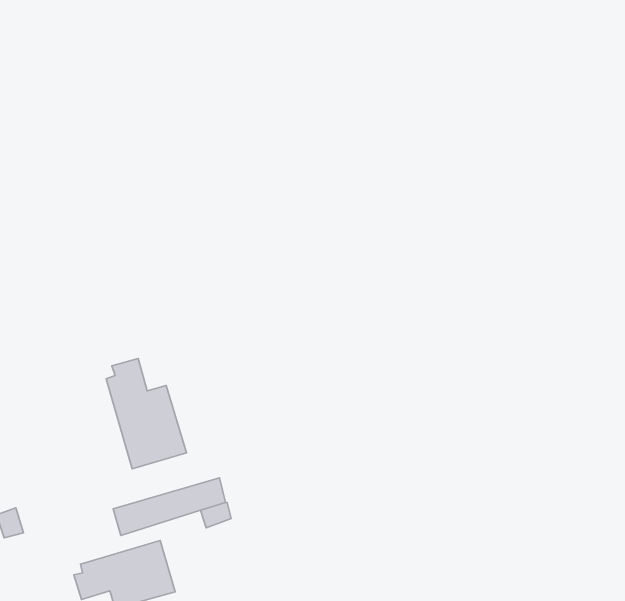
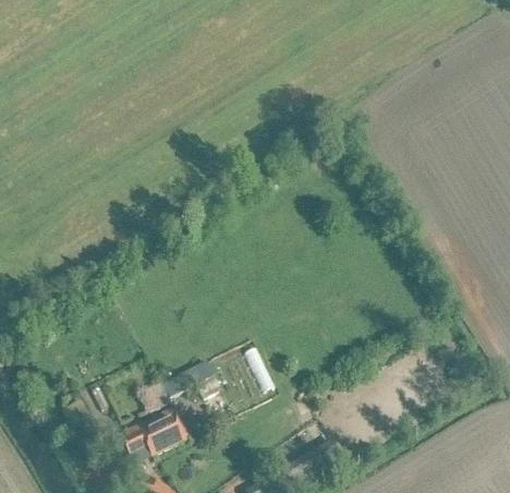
building: [106,359,187,469] -> none

